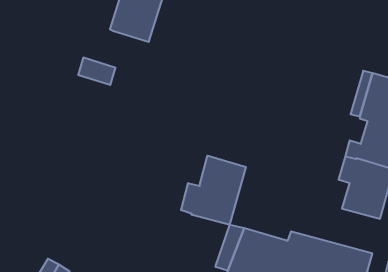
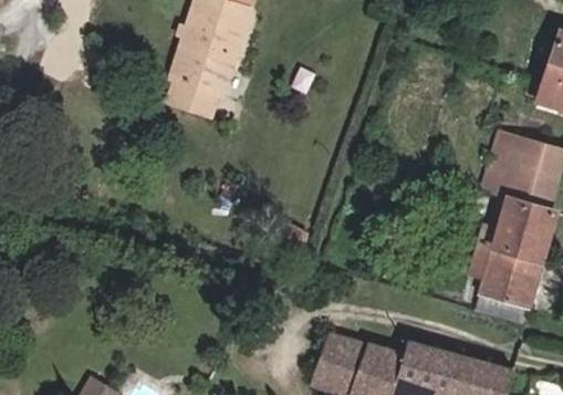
building: [78,58,116,85] -> [170,80,219,115]
building: [181,156,246,225] -> none

